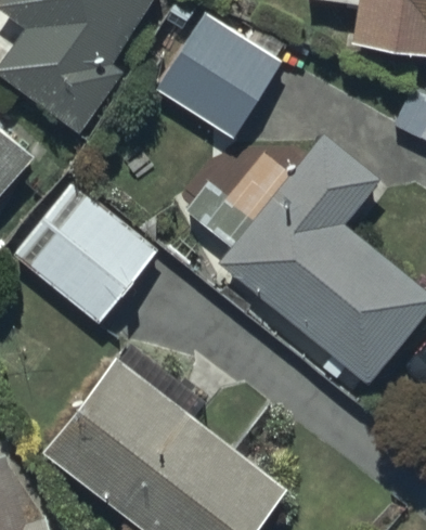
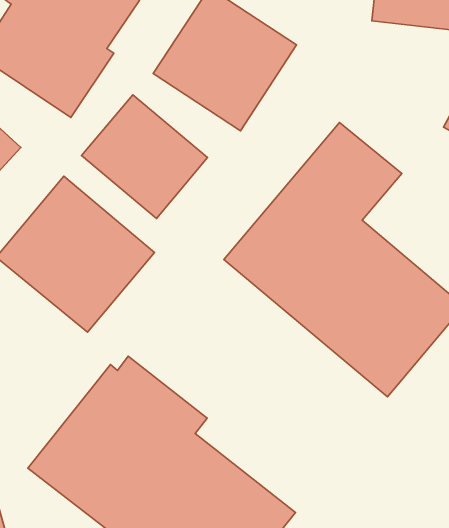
building: none -> [82,95,207,218]

